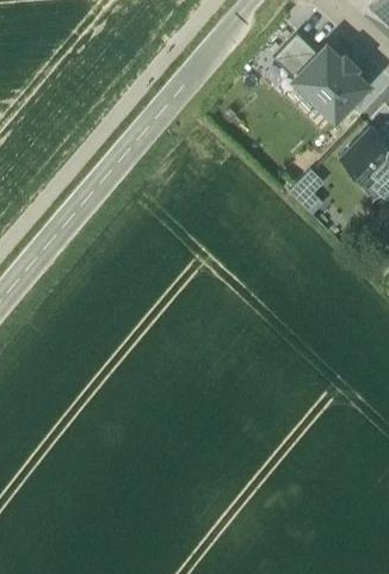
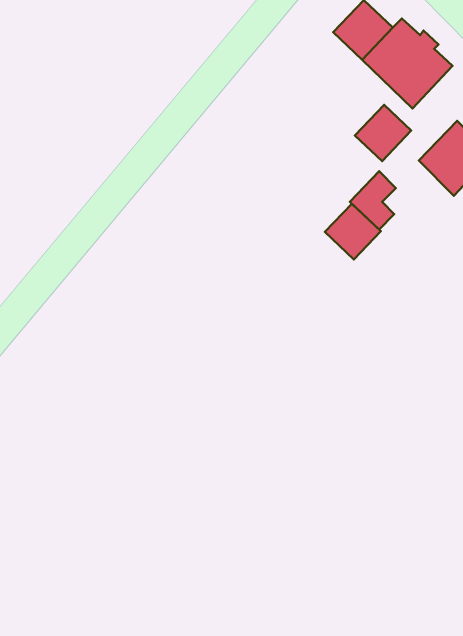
building: none -> [355,105,411,161]
building: none -> [325,204,381,260]

